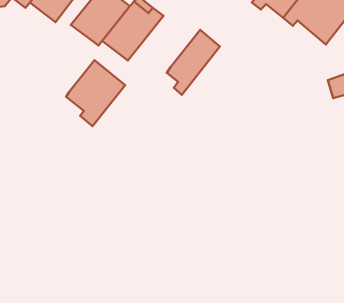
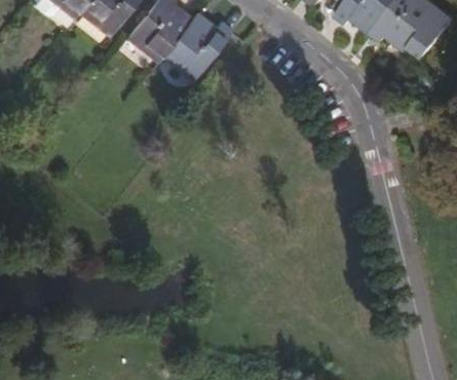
building: [167,30,220,95] -> none
building: [66,60,125,126] -> none

